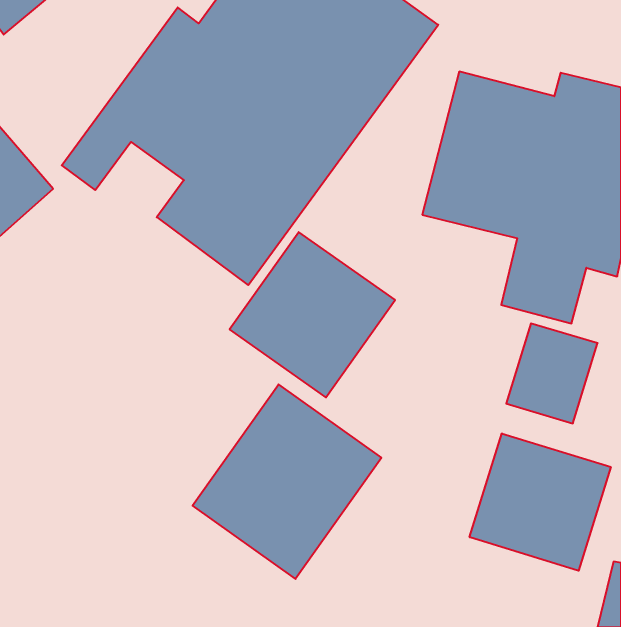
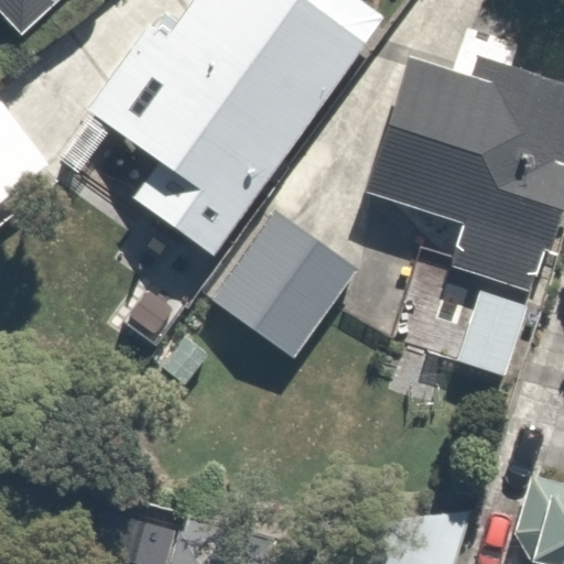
building: [193,384,381,579] -> none
building: [470,433,611,571] -> none

